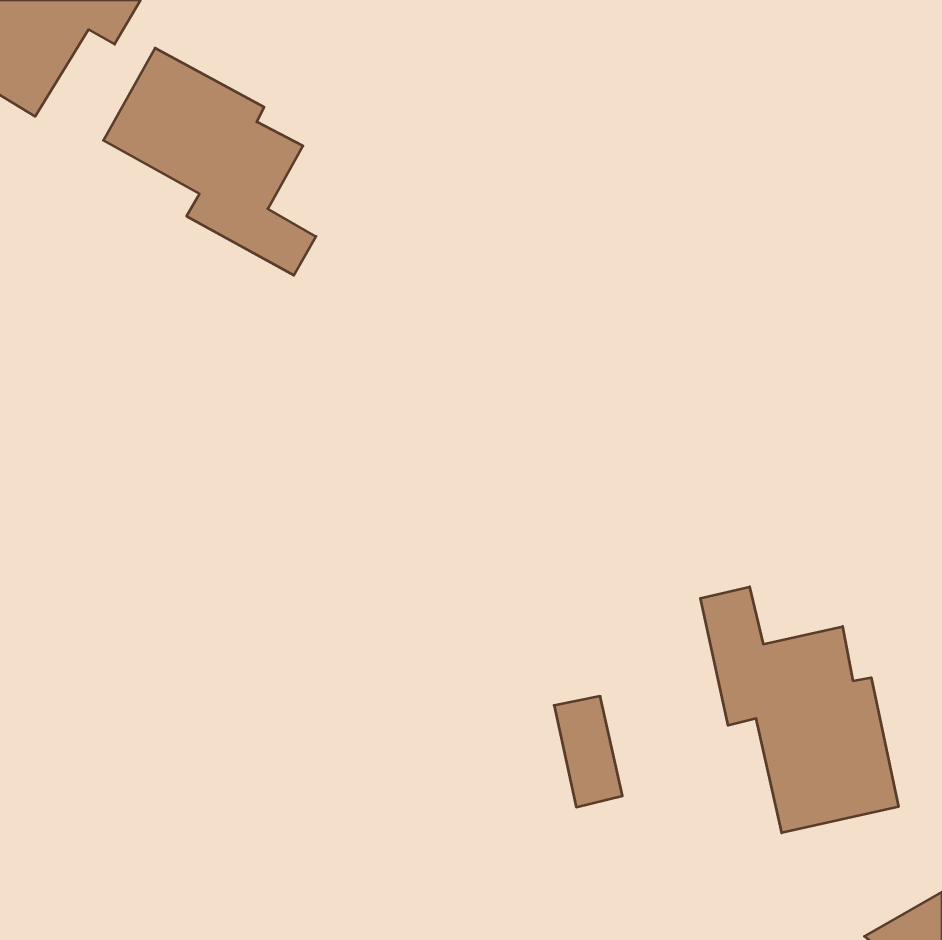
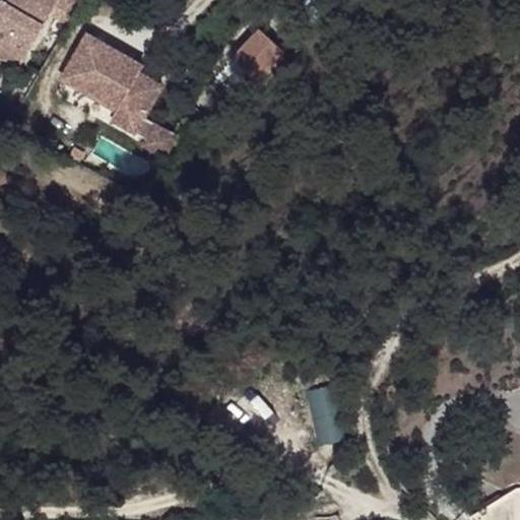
building: none -> [230,23,287,81]
building: [700,587,898,833] -> none

